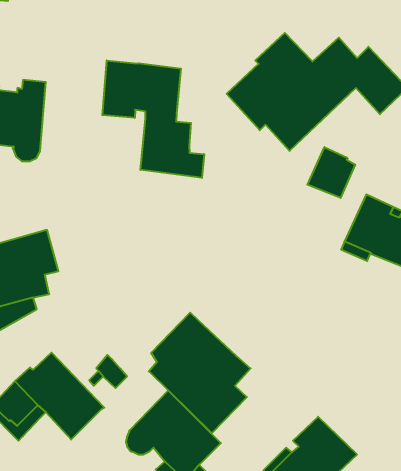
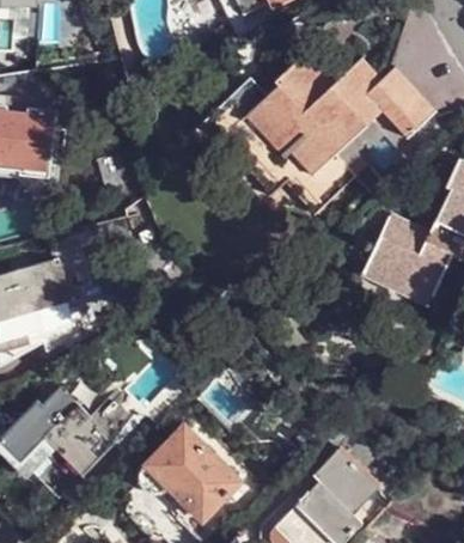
building: [102,60,204,178] -> none
building: [307,147,355,198] -> none
building: [149,313,251,433] -> none

